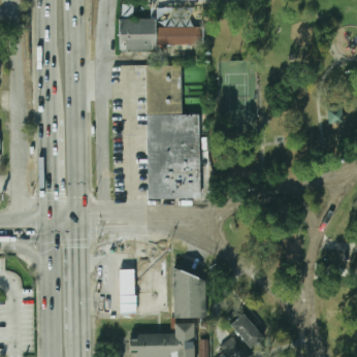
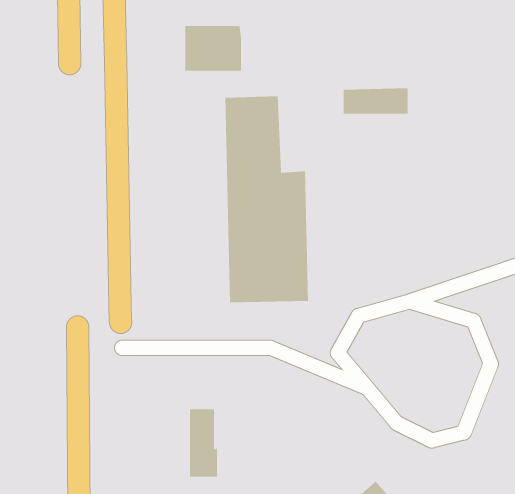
building: [157,27,199,44] -> [343,87,408,115]
building: [174,267,206,317] -> none

